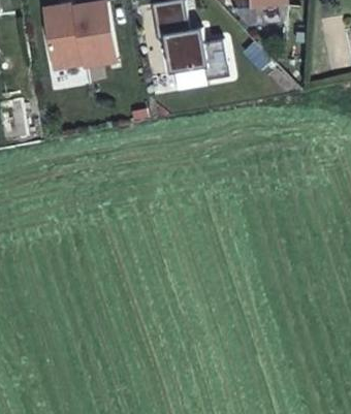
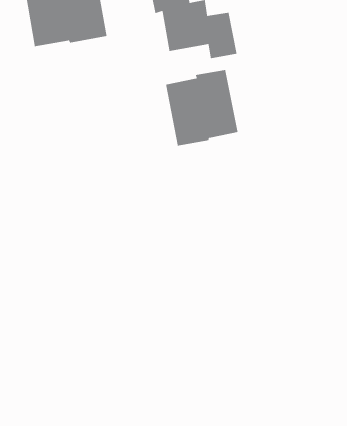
building: none -> [165,69,238,147]

